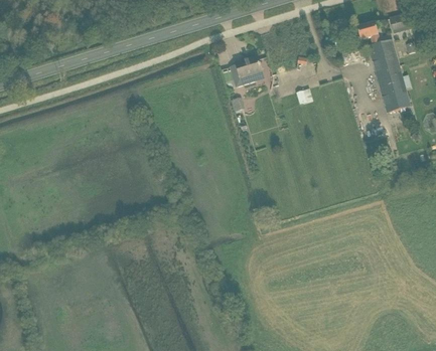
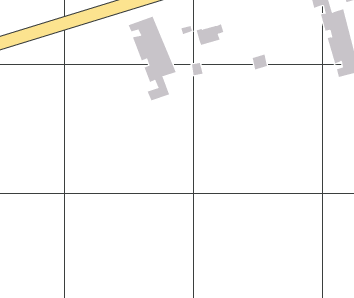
building: none -> [128,16,177,101]

